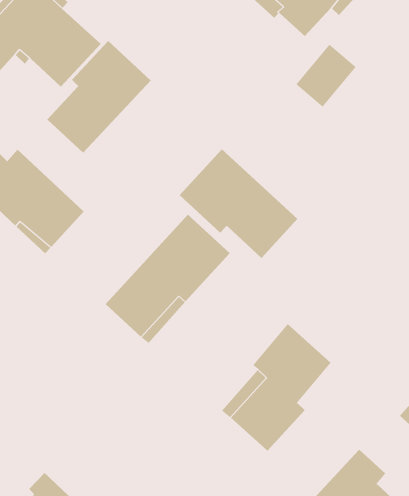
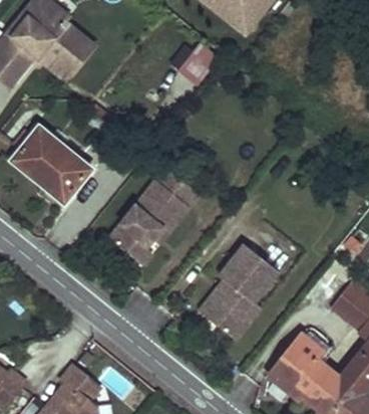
building: [46,40,152,154] -> none
building: [295,44,356,107] -> [173,39,218,86]
building: [179,149,298,259] -> none

